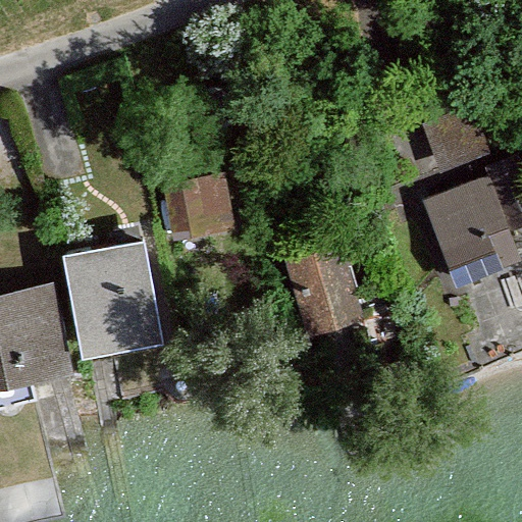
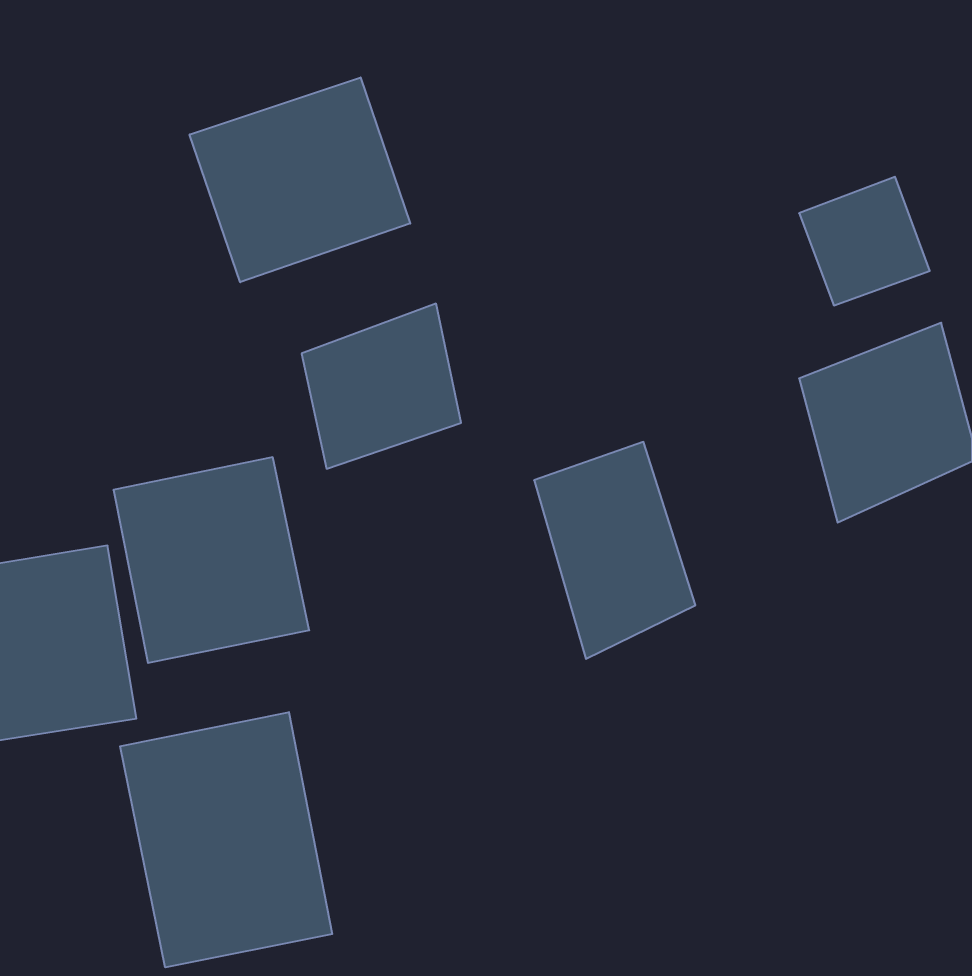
building: none -> [190,77,410,282]
building: none -> [120,712,332,967]

